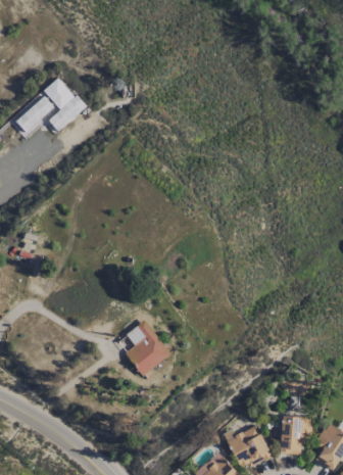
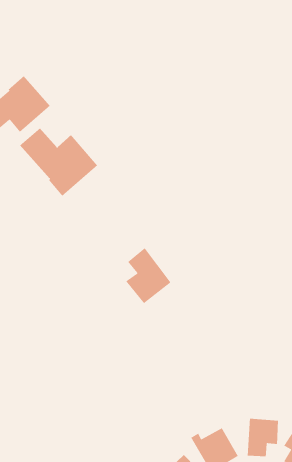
building: none -> [19,127,98,197]
building: [124,320,169,376] -> [125,247,172,304]

